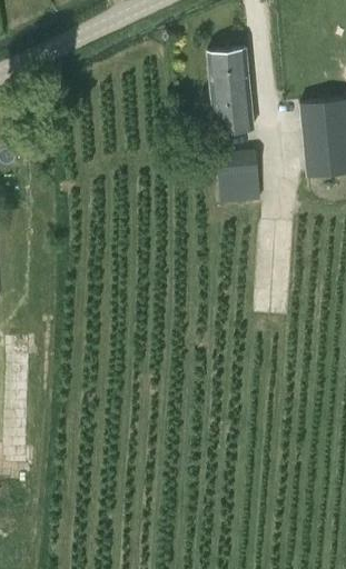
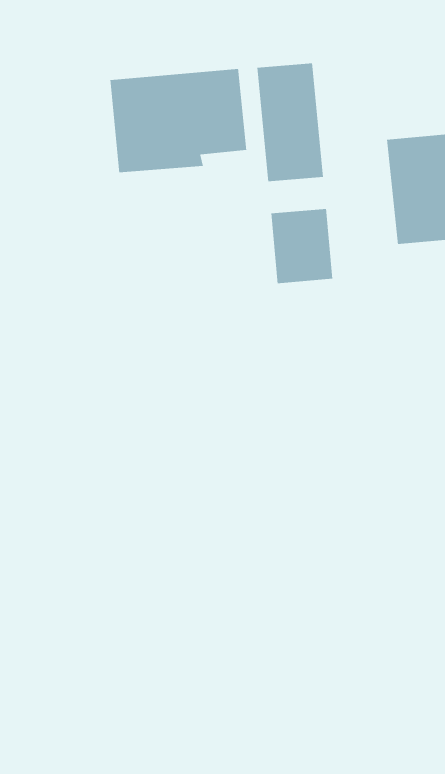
building: none -> [110,68,247,173]

